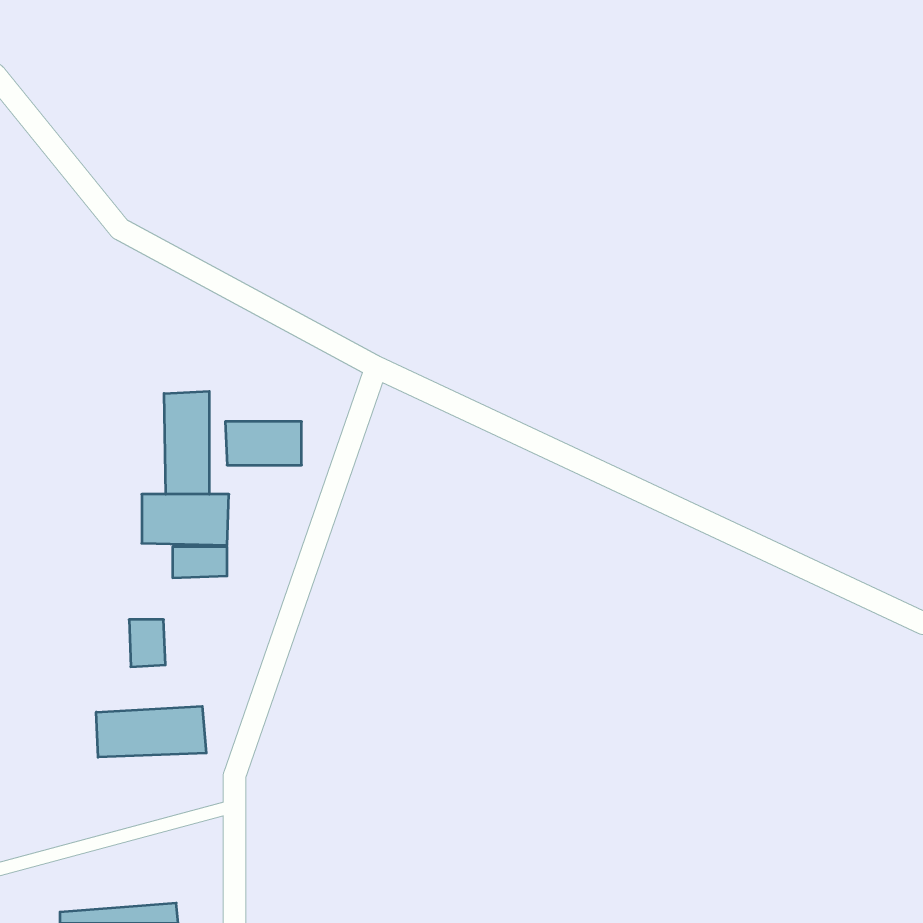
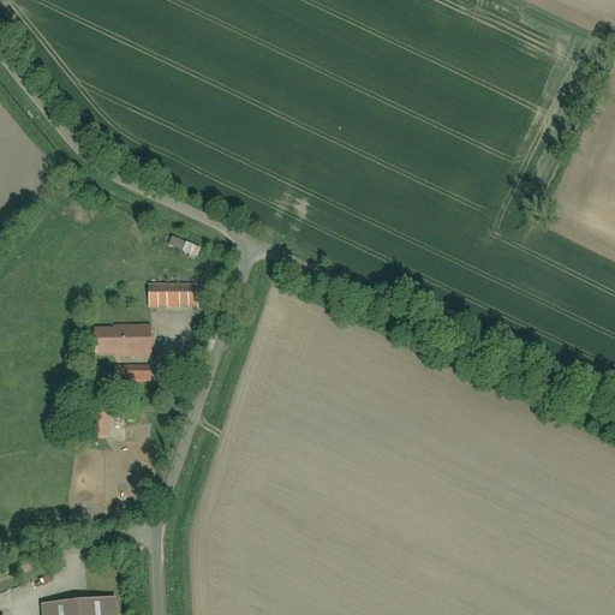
building: [164,391,209,494] -> none
building: [96,706,206,757] -> none

